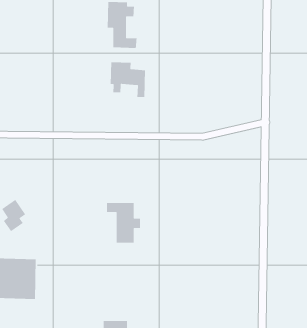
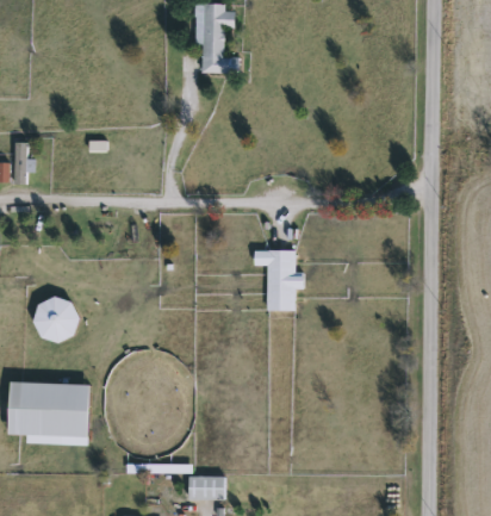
building: [110,62,146,98] -> none
building: [106,202,141,244] -> [251,249,303,310]

